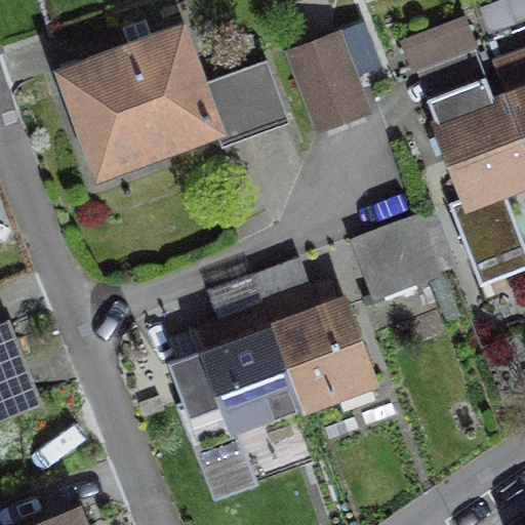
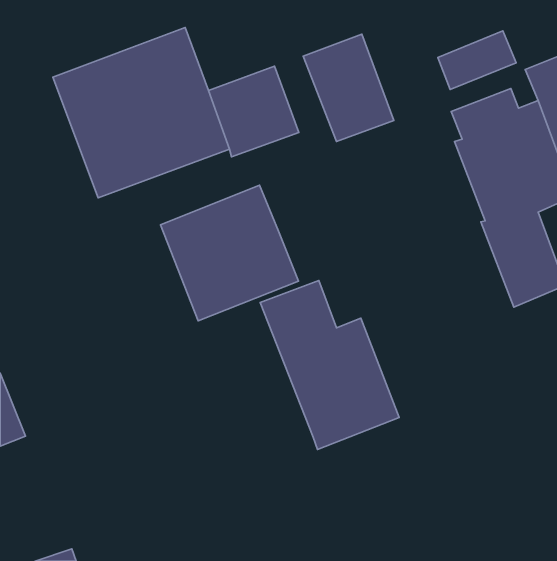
building: none -> [160,185,299,321]
building: [355,212,459,304] -> none
building: [195,281,297,434] -> none

